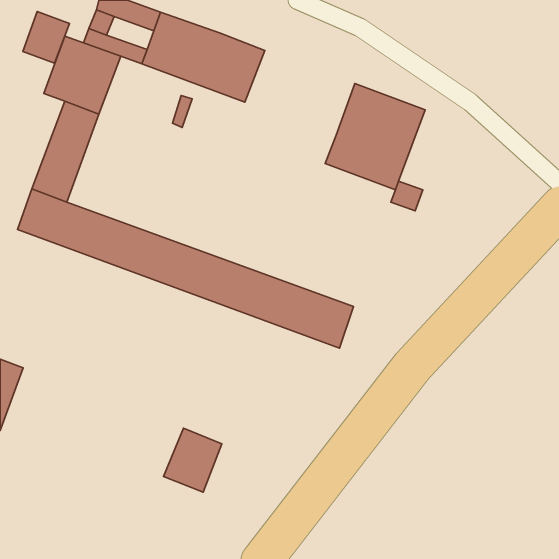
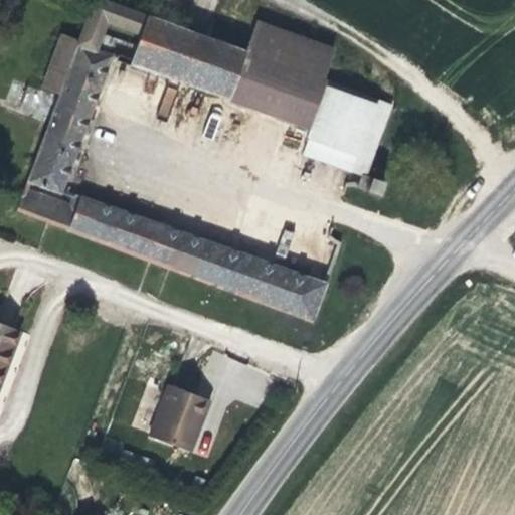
building: [23,11,70,63] -> none
building: none -> [226,18,338,126]

